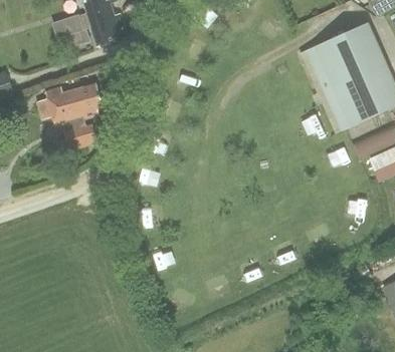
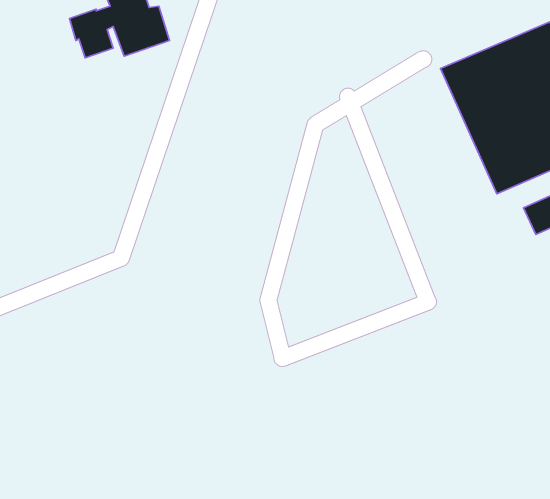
building: [35,85,102,151] -> none

